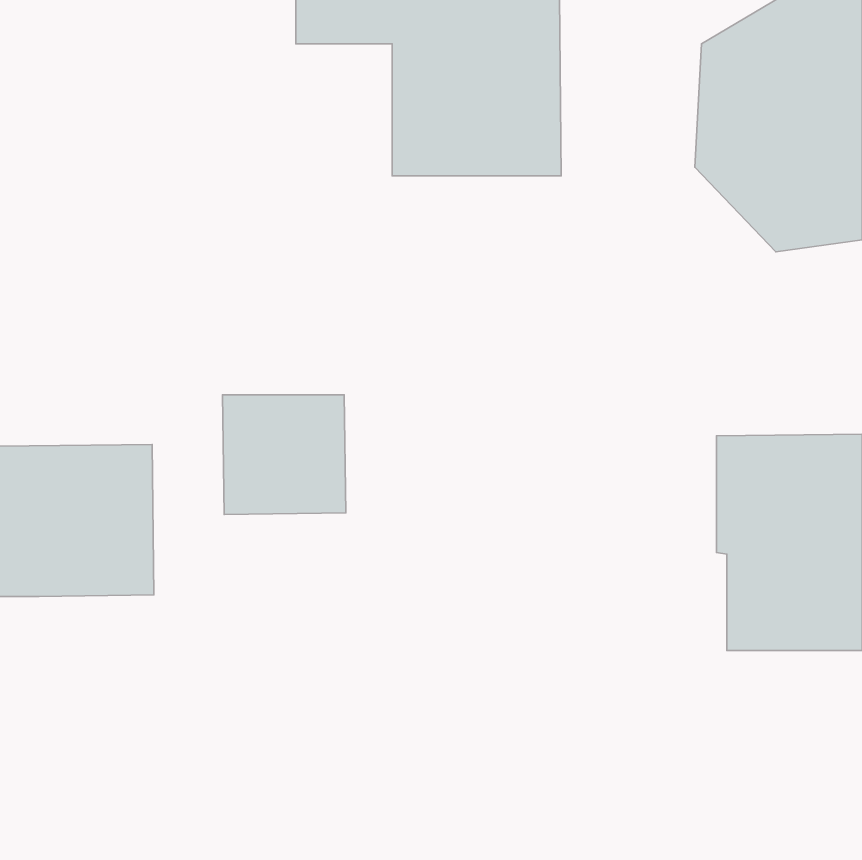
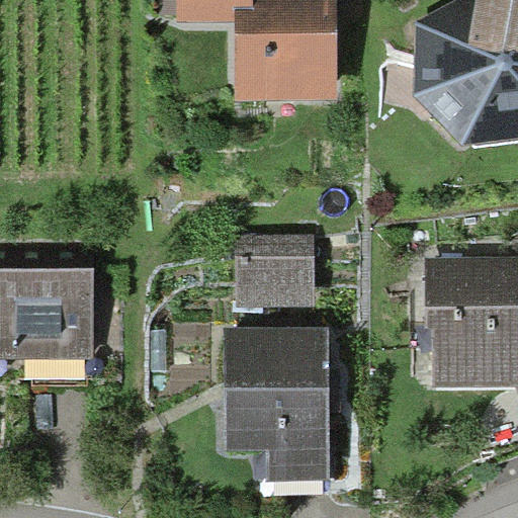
building: [223,395,346,515] -> [238,233,312,305]
building: none -> [226,325,332,479]

